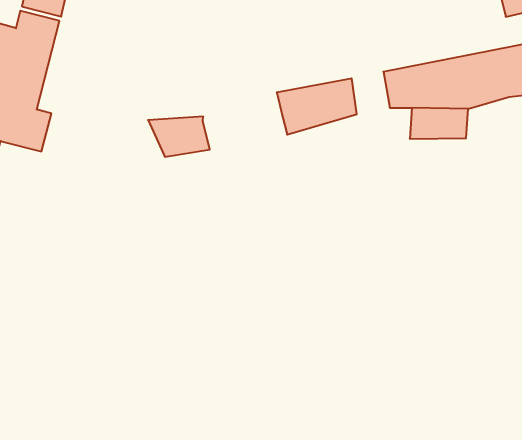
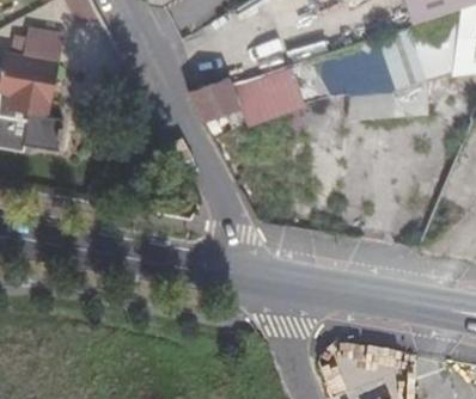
building: [148,117,210,157] -> [193,84,244,118]

